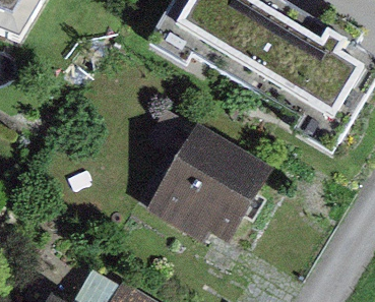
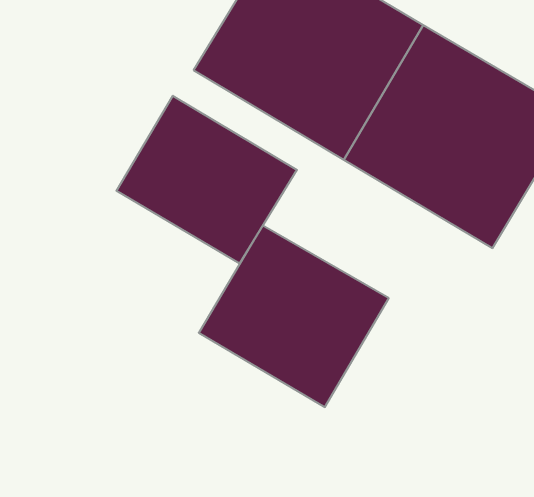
building: none -> [116,96,297,263]

